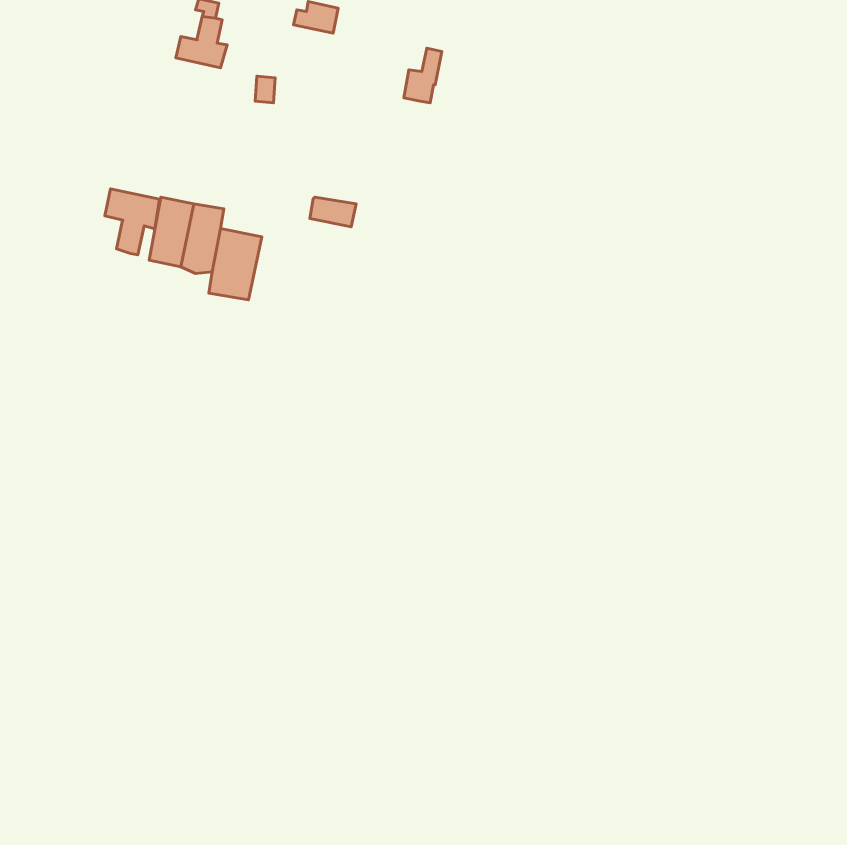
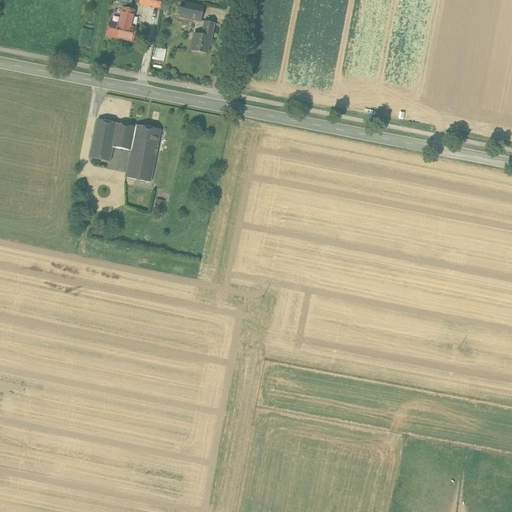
building: [404,48,442,103] -> [191,20,214,53]
building: [105,189,160,255] -> none
building: [310,197,356,227] -> [133,125,161,143]

